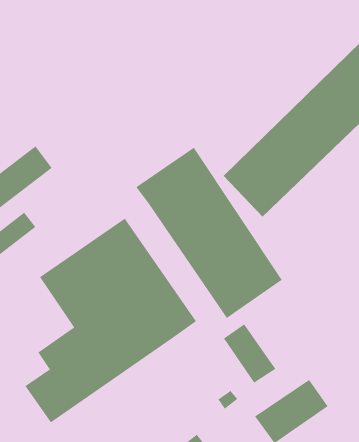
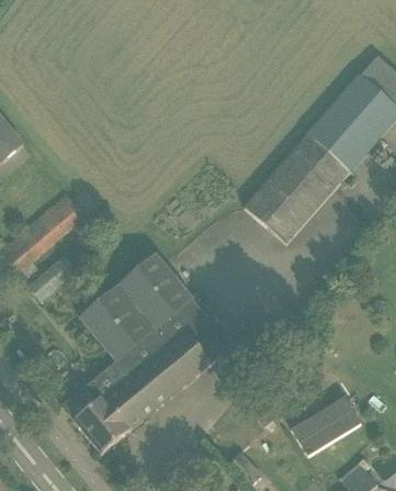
building: [135,147,283,319] -> none
building: [223,324,276,383] -> none

